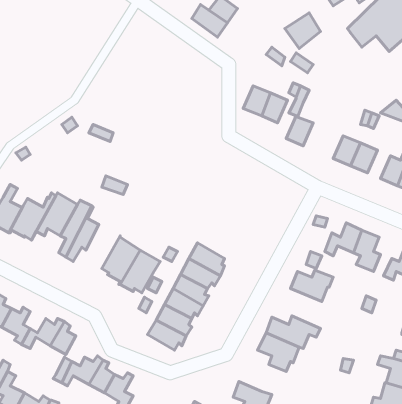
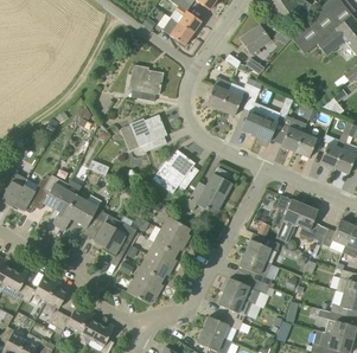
building: none -> [128,65,162,101]
building: none -> [255,97,293,141]
building: none -> [128,115,167,152]
building: none -> [152,149,198,188]
building: none -> [185,174,231,212]
building: none -> [75,200,103,237]
building: none -> [238,253,274,288]
building: none -> [202,316,241,341]

